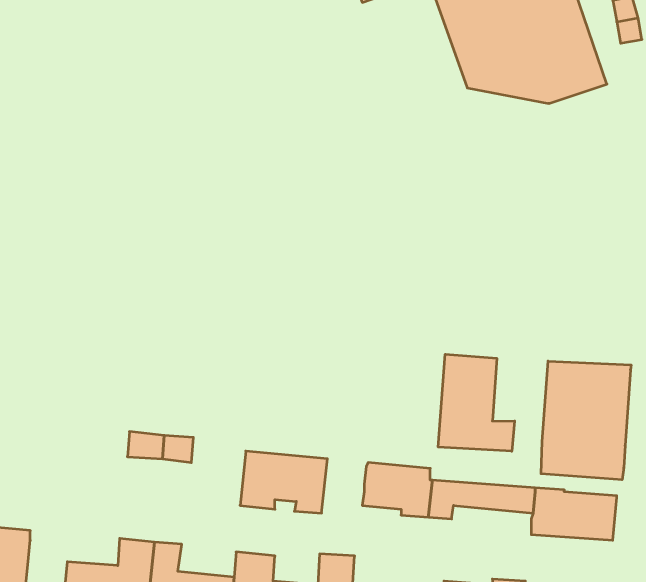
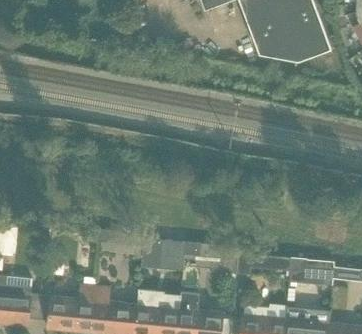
building: [438,354,515,451] -> none
building: [541,361,631,480] -> none

